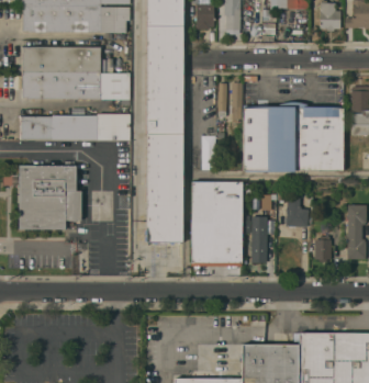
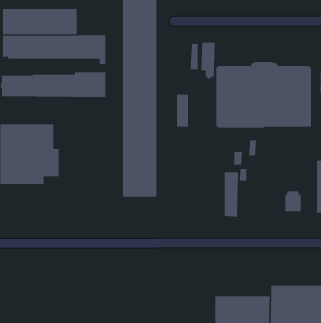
building: [191,182,242,267] -> none
building: [286,196,309,227] -> none

